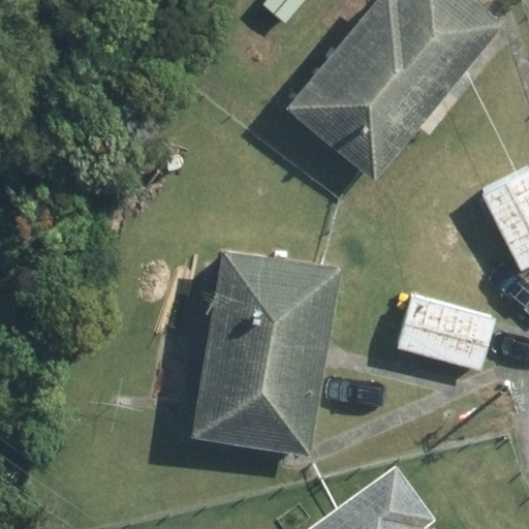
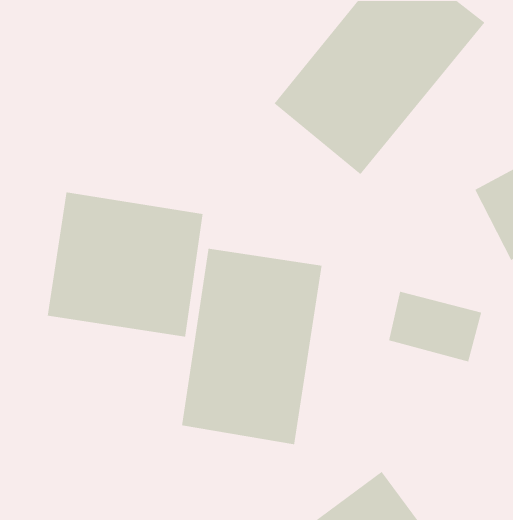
building: none -> [47,192,203,338]

